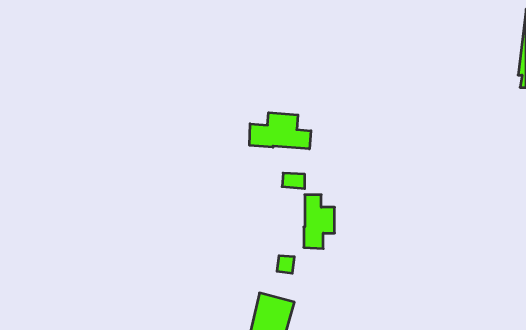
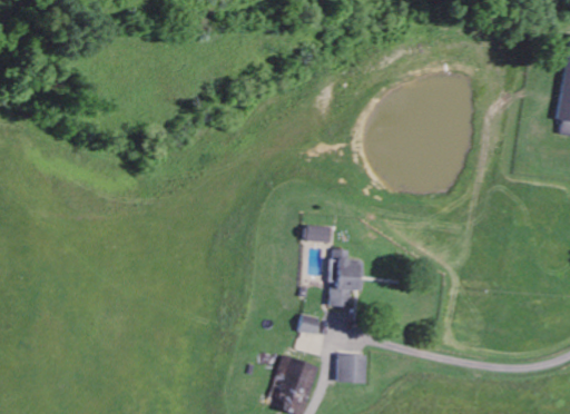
building: [250,113,311,149] -> none
building: none -> [337,354,365,383]

